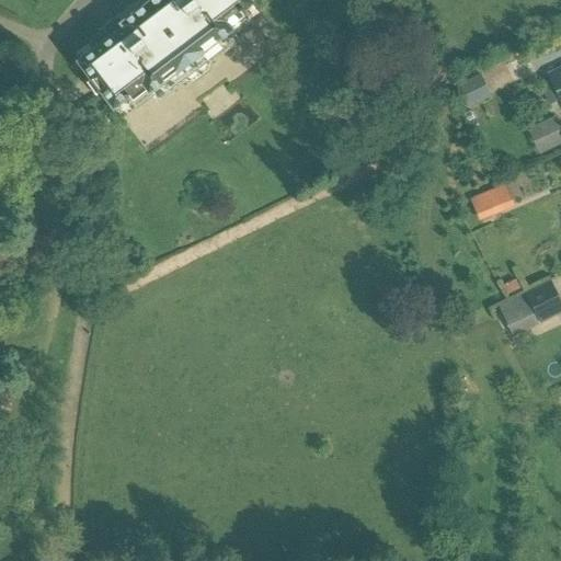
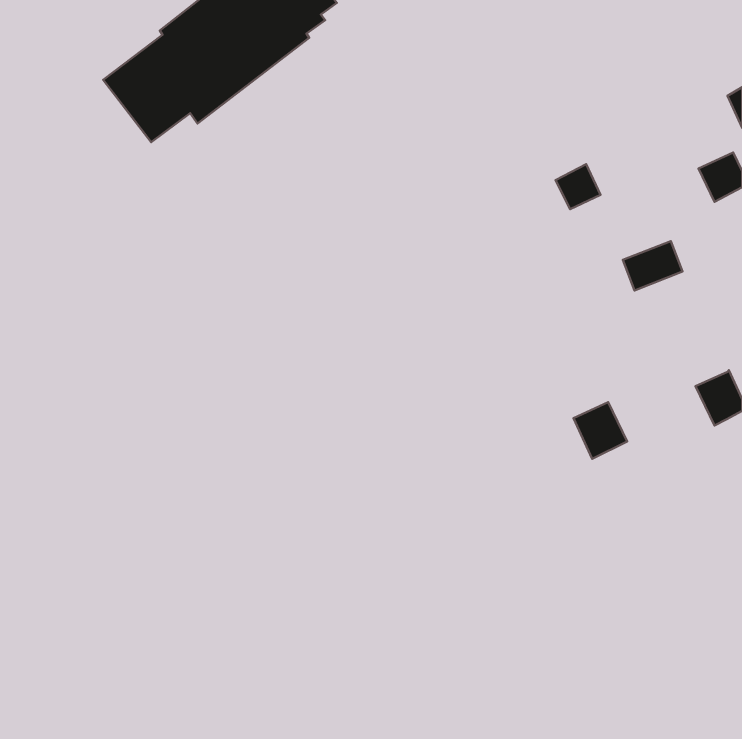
building: [457,72,491,106] -> [556,164,601,209]
building: [497,293,538,335] -> [573,402,627,459]

